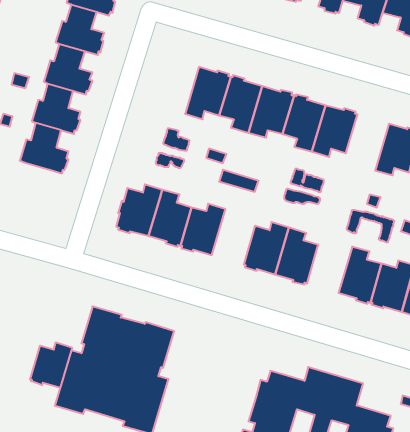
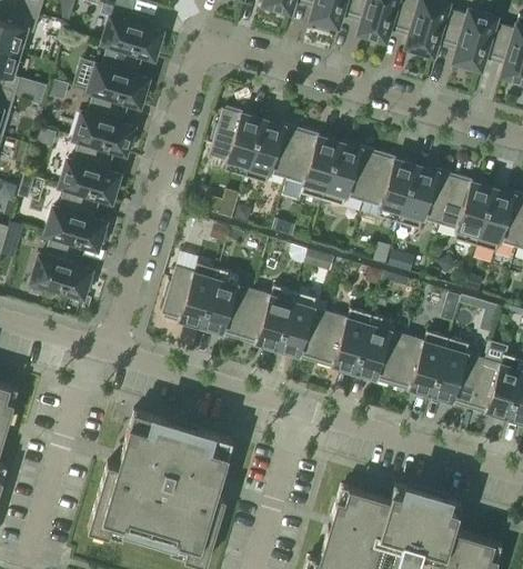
building: none -> [209,108,262,177]
building: none -> [440,176,492,246]
building: none -> [31,236,90,297]
building: none -> [278,292,330,361]
building: none -> [393,331,447,393]
building: [30,342,72,388] -> none

